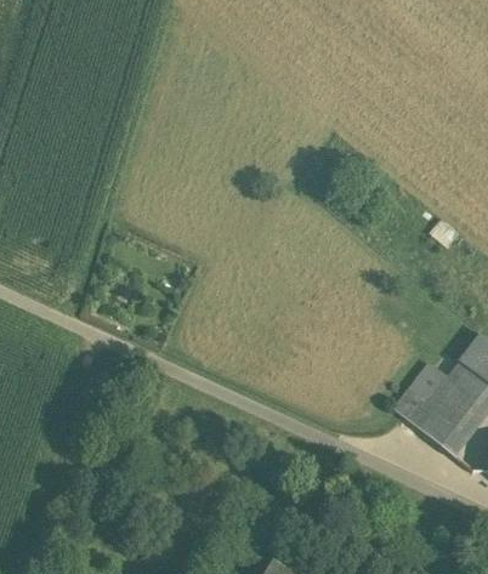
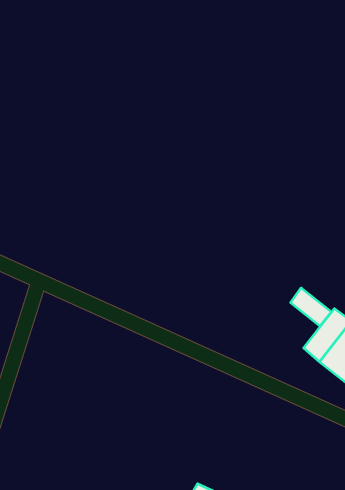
building: none -> [291,288,332,326]

